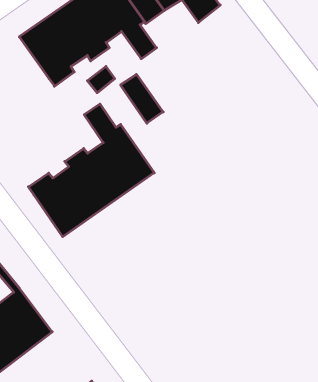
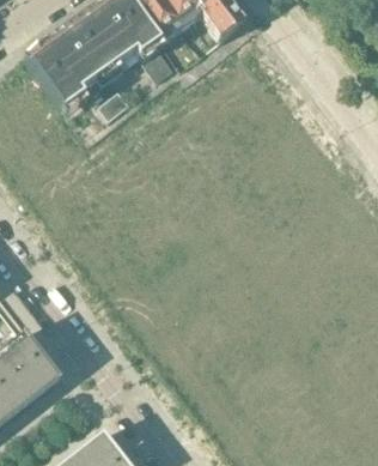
building: [121,74,163,123] -> none
building: [28,104,154,237] -> none

